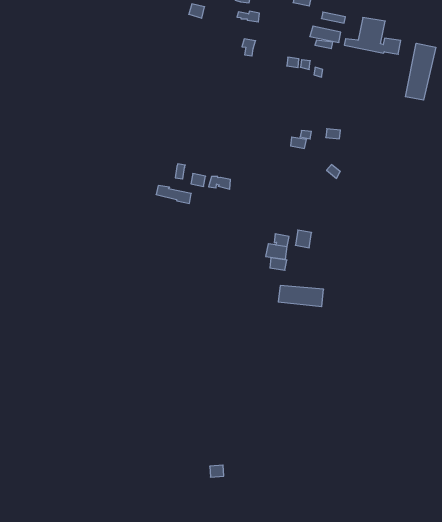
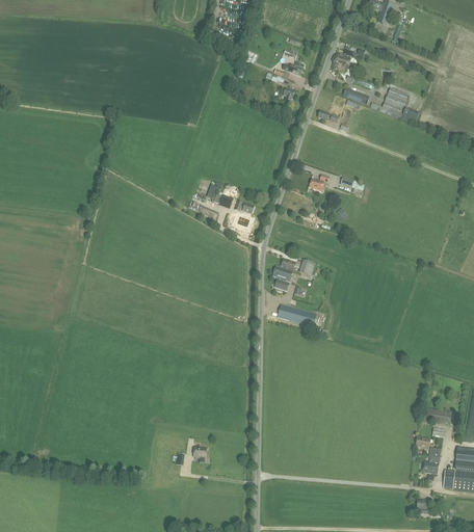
building: [405,43,436,100] -> none

